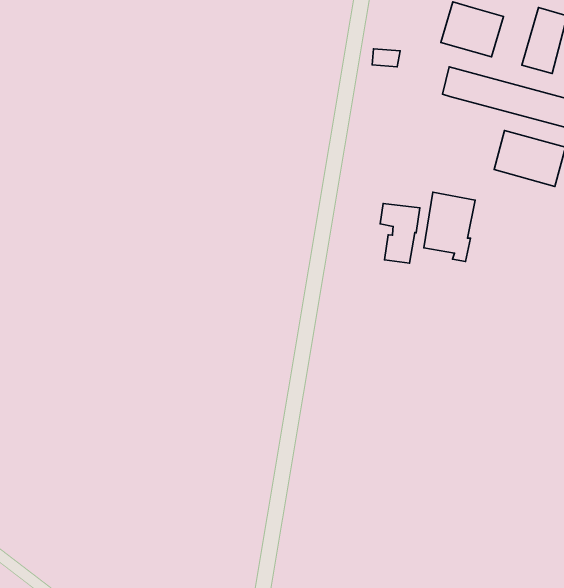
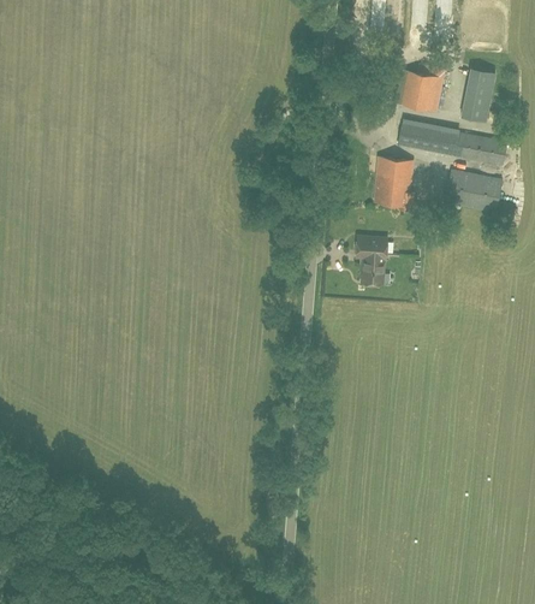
building: [424,192,475,262] -> [375,156,414,211]

